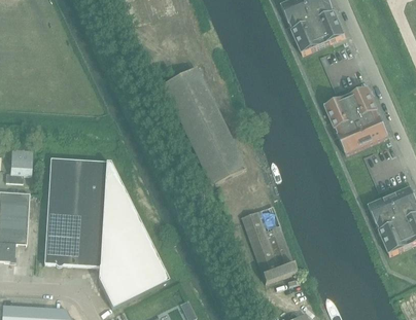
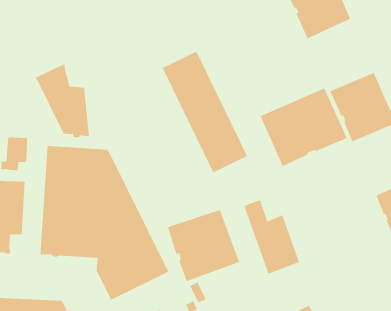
building: none -> [35,63,90,138]
building: none -> [260,87,347,167]
building: none -> [167,209,240,282]

